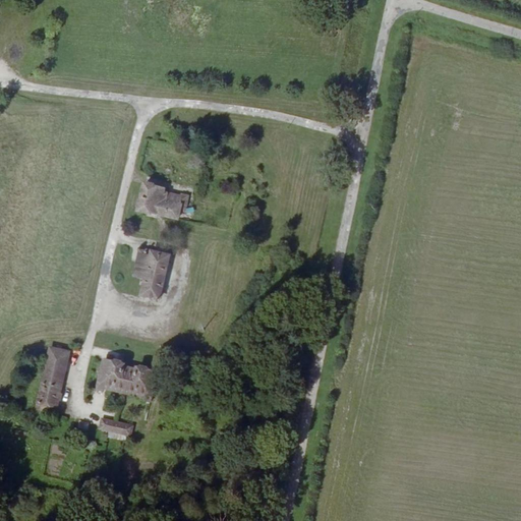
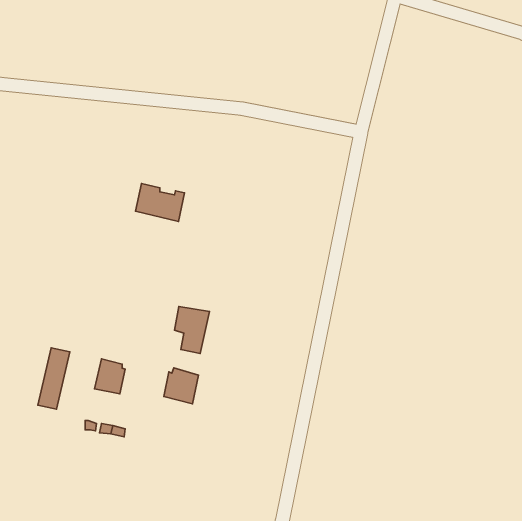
building: [133,249,168,296] -> [175,306,210,354]
building: [121,362,156,398] -> [164,368,199,404]

